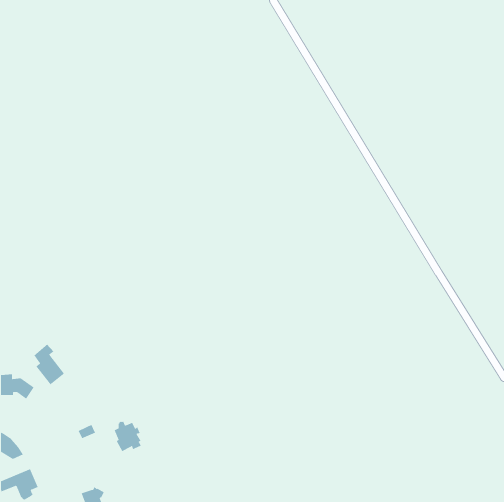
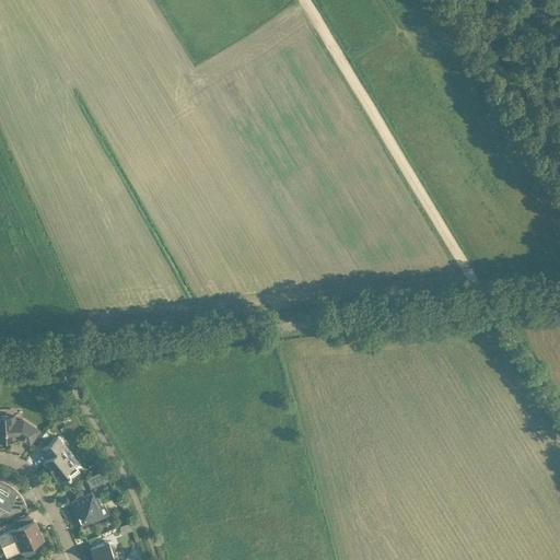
building: [33,344,65,385] -> [42,438,77,483]
building: [114,420,141,452] -> [71,492,102,527]

